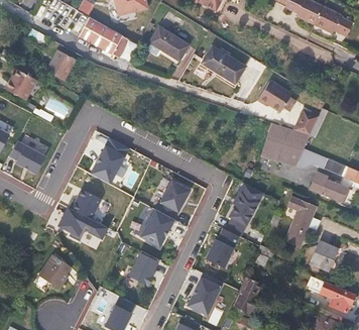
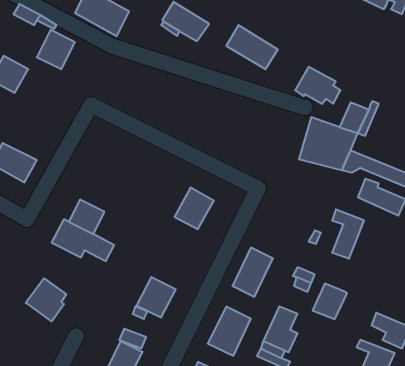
building: [91,145,125,184] -> none
building: [227,183,263,226] -> none
building: [140,208,175,247] -> none
building: [310,240,338,269] -> [313,283,347,319]

